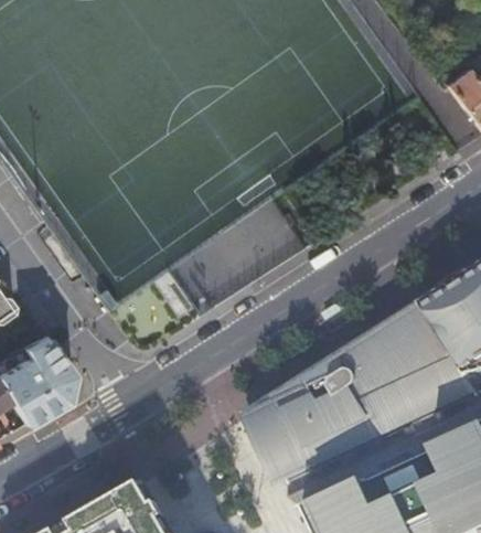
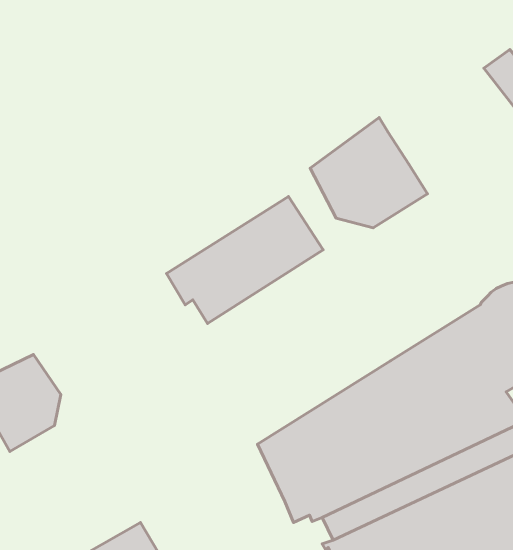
building: none -> [310,117,428,228]

